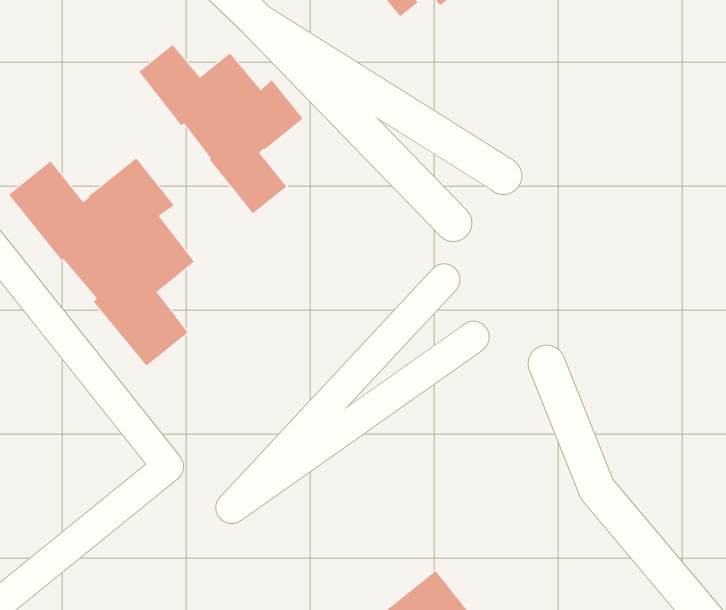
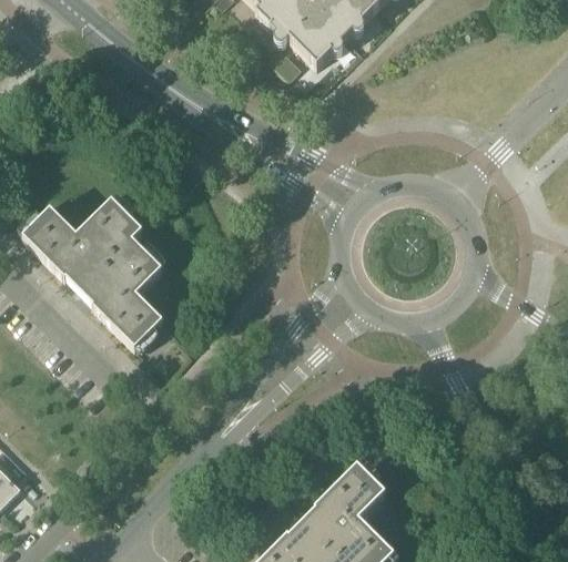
building: [138,44,304,214] -> none

